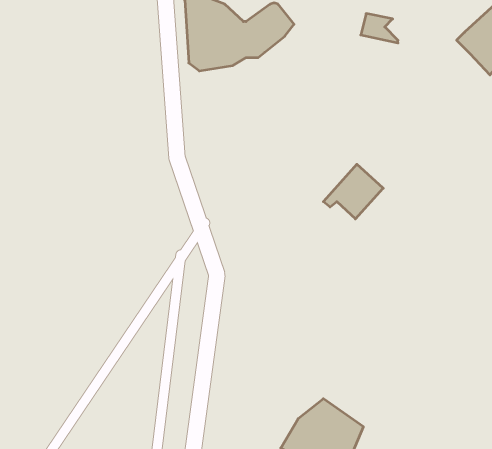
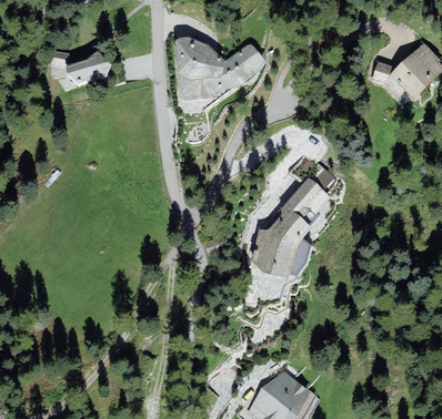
building: [361,14,398,43] -> [378,62,409,86]
building: none -> [66,55,112,85]
building: none -> [261,207,321,276]

